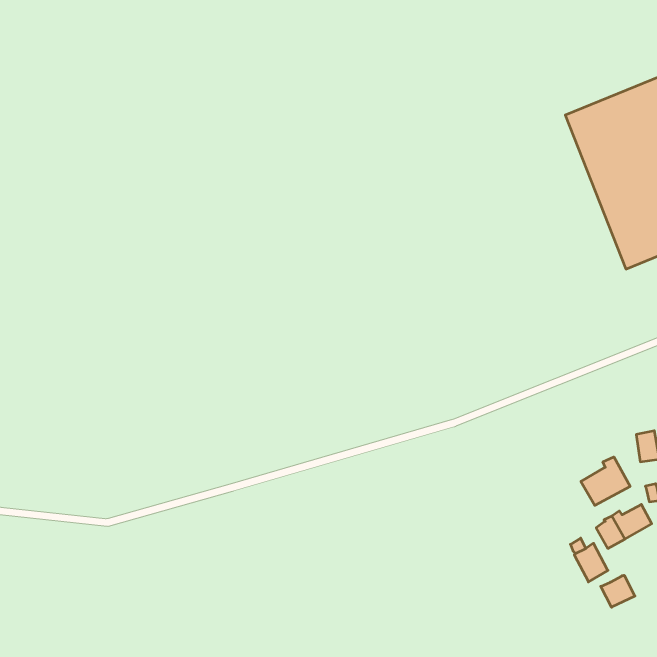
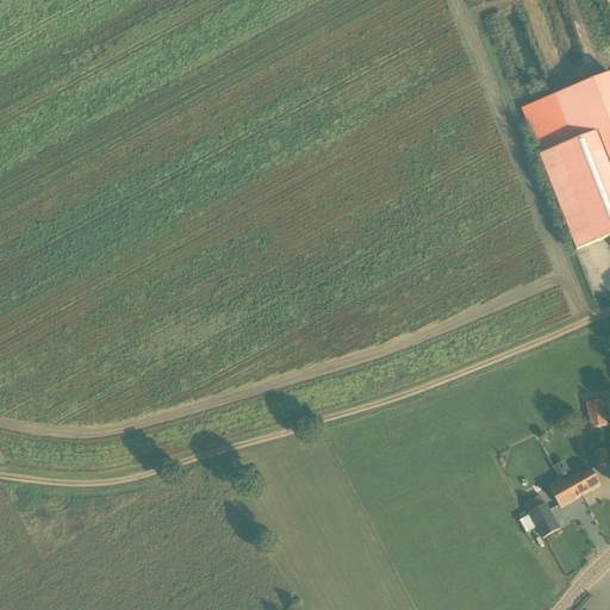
building: [581,457,630,505] -> none
building: [601,575,635,607] -> none

